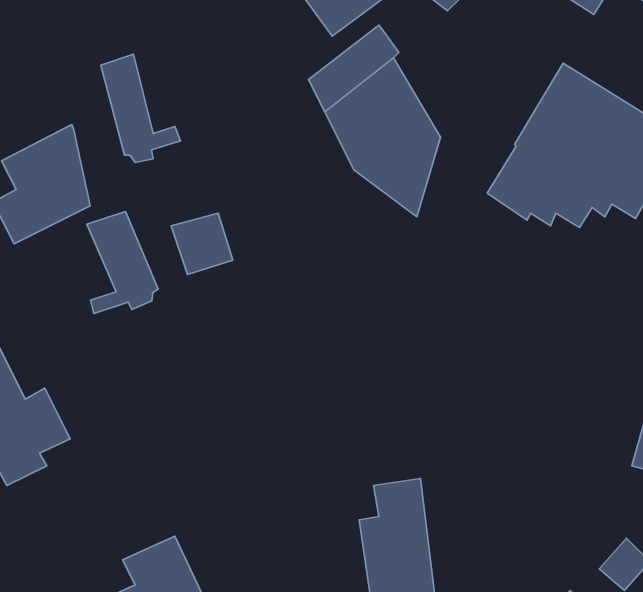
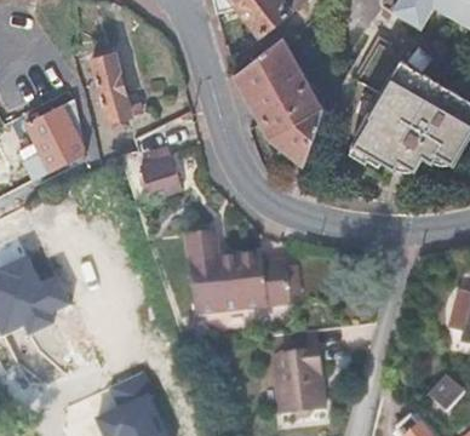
building: [87,212,158,314] -> none
building: none -> [182,242,288,323]

